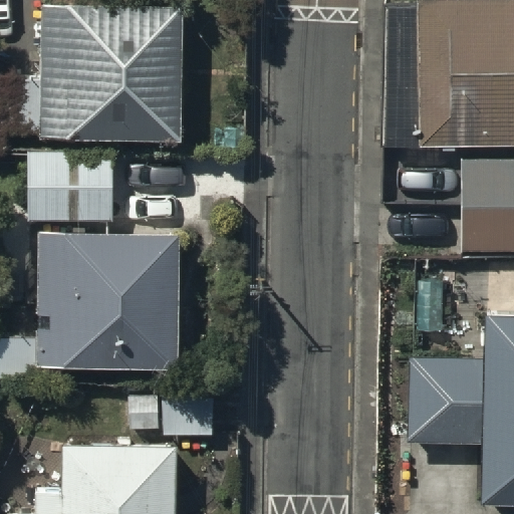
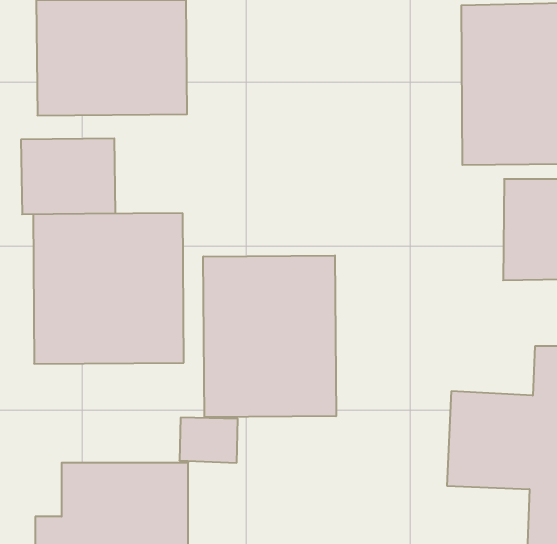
building: none -> [203,255,336,417]

